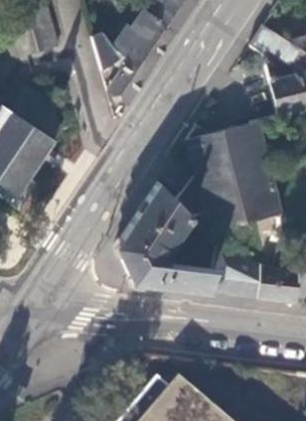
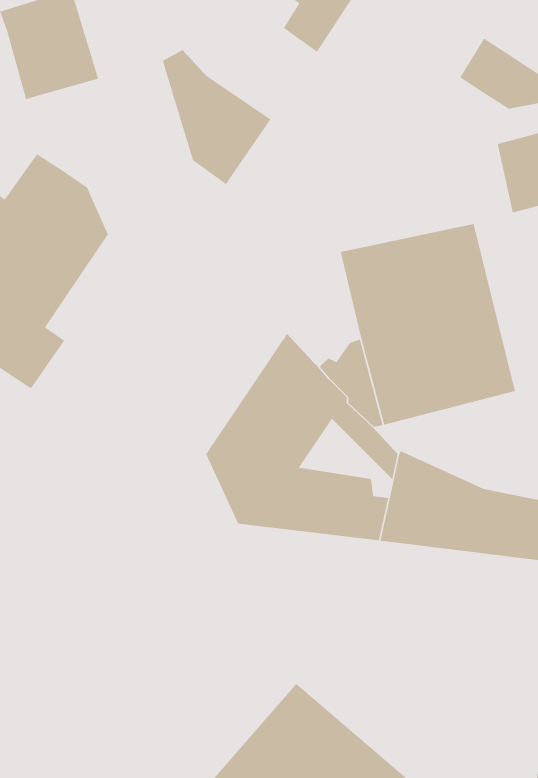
building: [115,10,175,67] -> none

